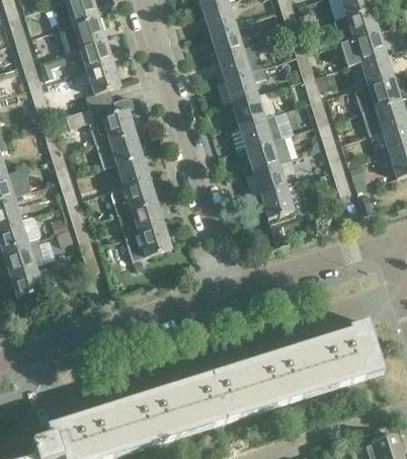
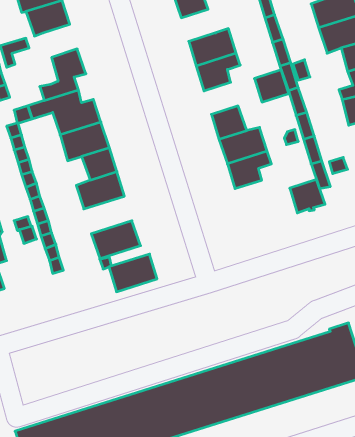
building: [210,24,242,55] -> none
building: [79,39,111,70] -> none
building: [231,93,263,124] -> [254,70,289,102]
building: [260,185,294,217] -> [290,180,325,213]
building: [117,201,163,236] -> [109,254,157,292]

